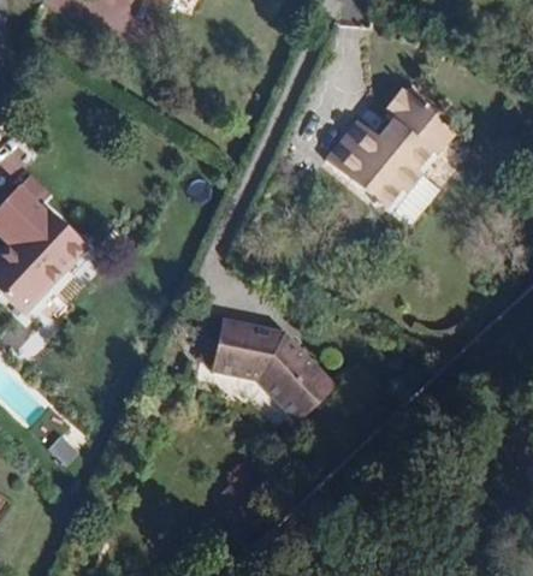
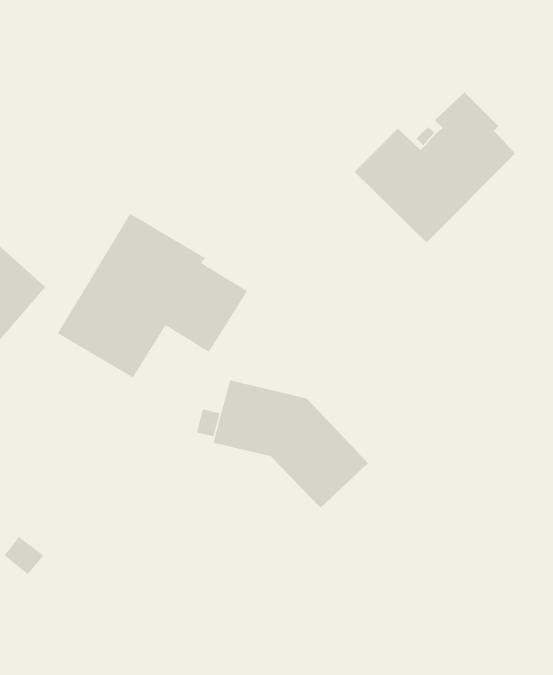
building: none -> [57,213,248,379]

